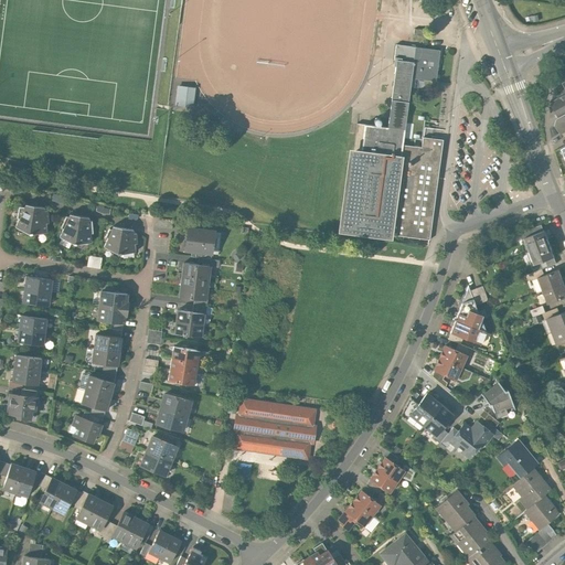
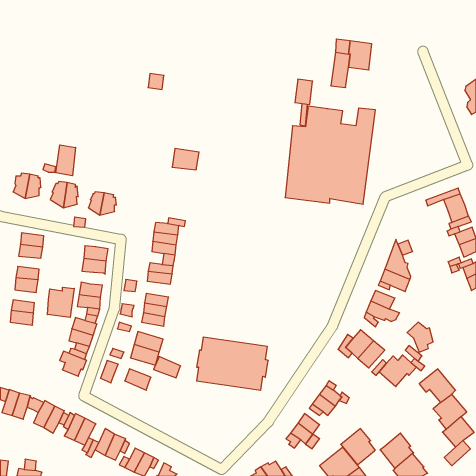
building: [388,102,409,131] -> [295,79,313,104]
building: none -> [56,145,76,176]
building: [184,228,216,254] -> [172,148,199,170]
building: none -> [47,287,74,317]
building: [7,394,38,422] -> none
building: [141,451,173,477] -> [154,357,181,378]
building: [435,487,476,530] -> [341,429,375,465]

